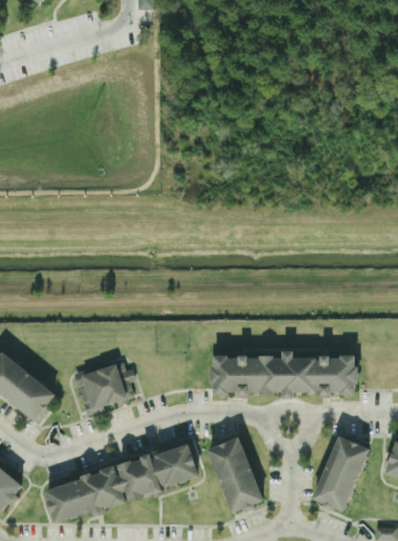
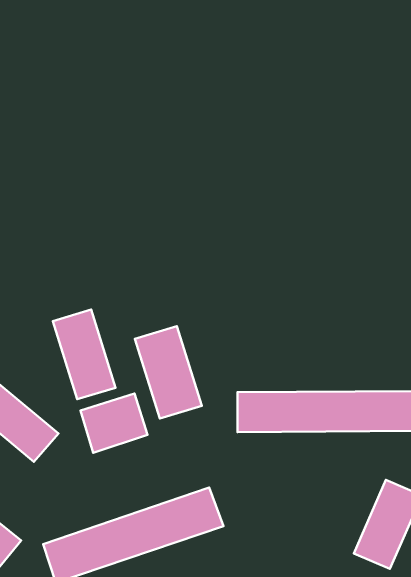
building: none -> [53,310,115,399]
building: none -> [135,326,202,419]
building: [206,437,263,512] -> none

